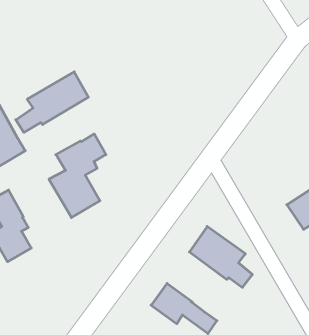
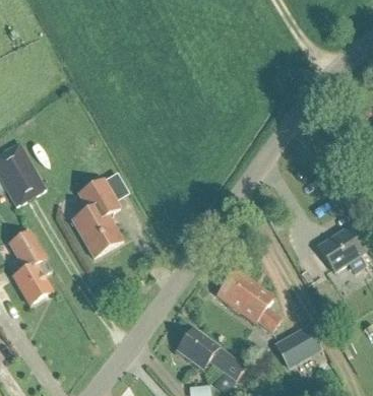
building: [16,72,88,132] -> none
building: none -> [272,323,320,367]

